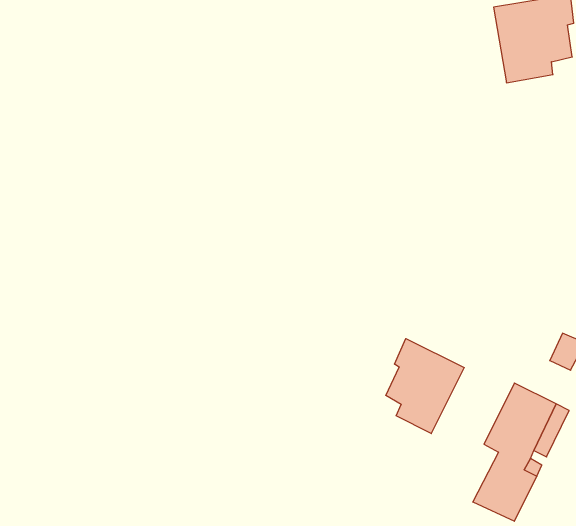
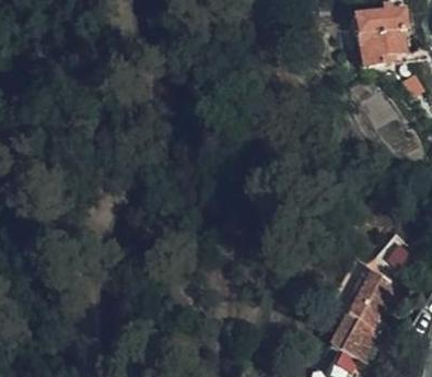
building: [386,339,464,434] -> none

